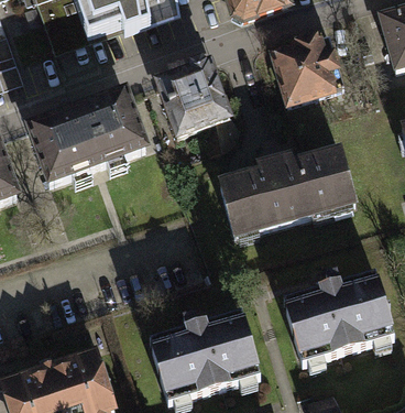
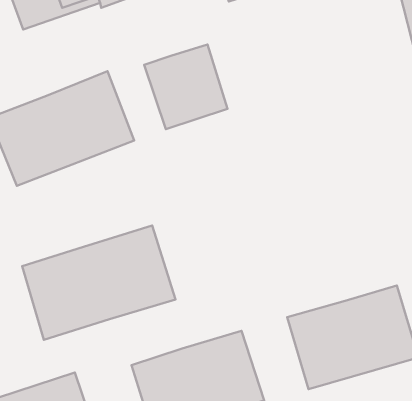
building: [271,35,340,105] -> none
building: [216,142,360,238] -> none
building: none -> [22,226,176,340]

